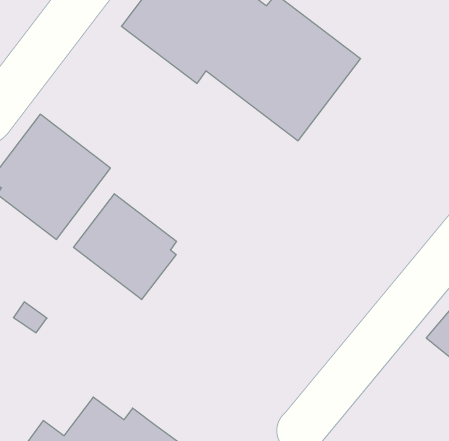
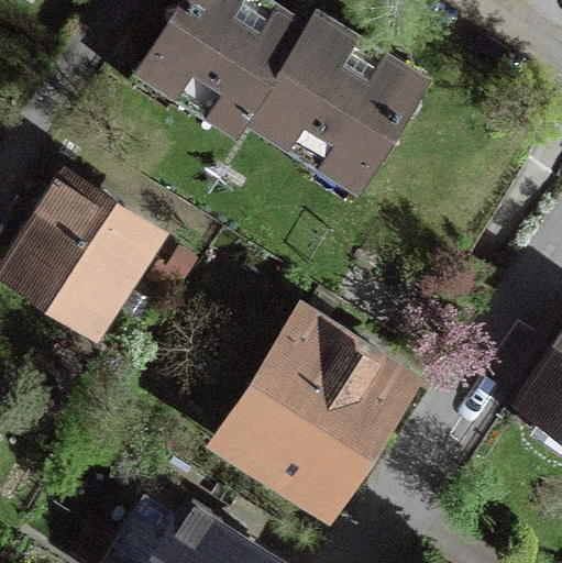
building: [74,194,177,300] -> none
building: none -> [234,322,404,501]

